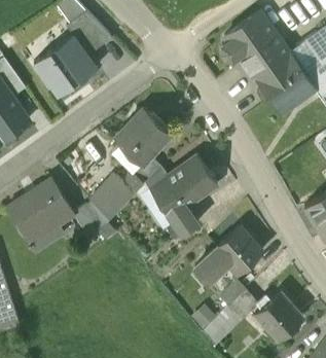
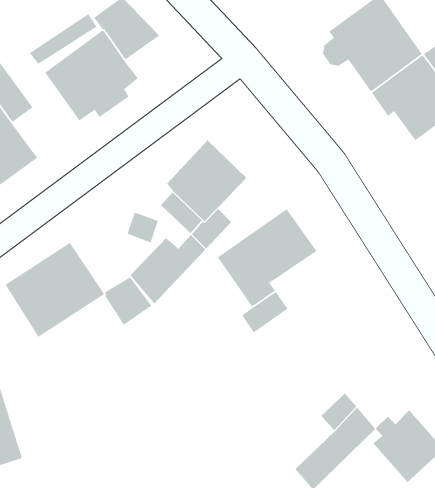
building: [194,225,262,282] -> none

